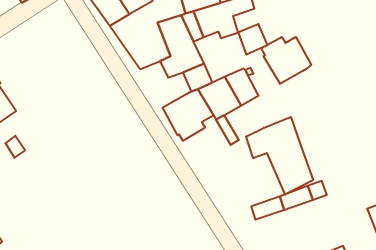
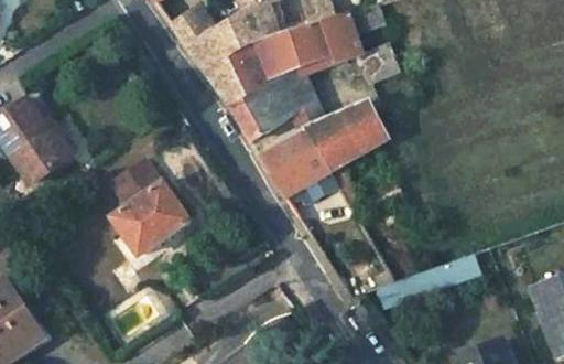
building: [261,37,311,84] -> none
building: none -> [229,94,273,141]
building: none -> [111,159,188,256]
building: [246,117,313,195] -> none

